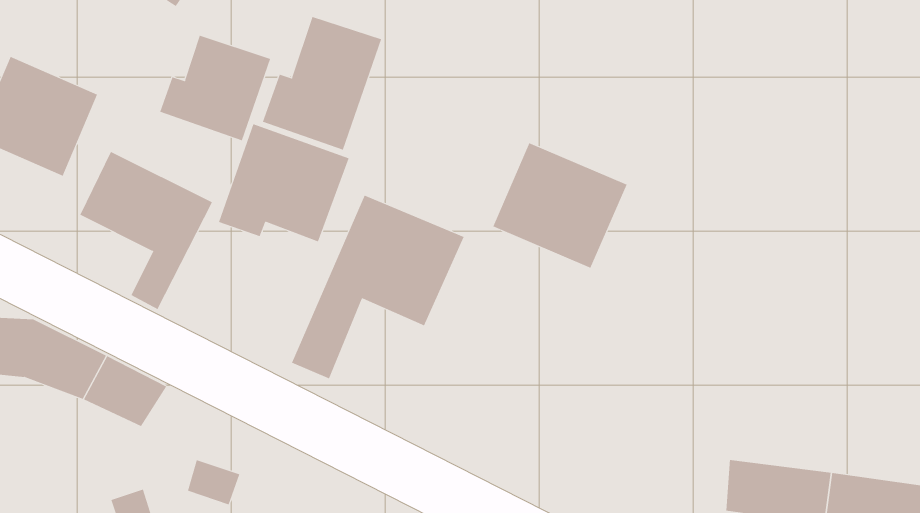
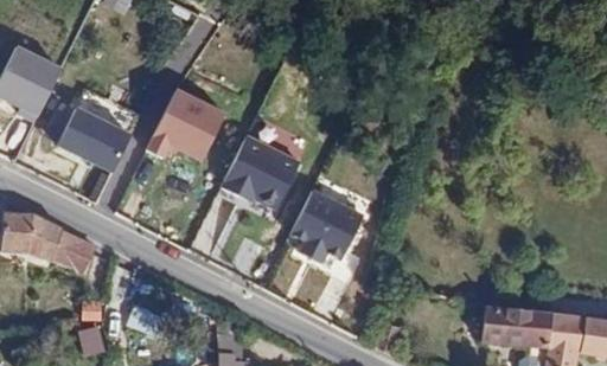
building: [262,16,382,151] -> none
building: [159,35,271,141] -> none
building: [492,142,627,268] -> [283,188,371,270]

